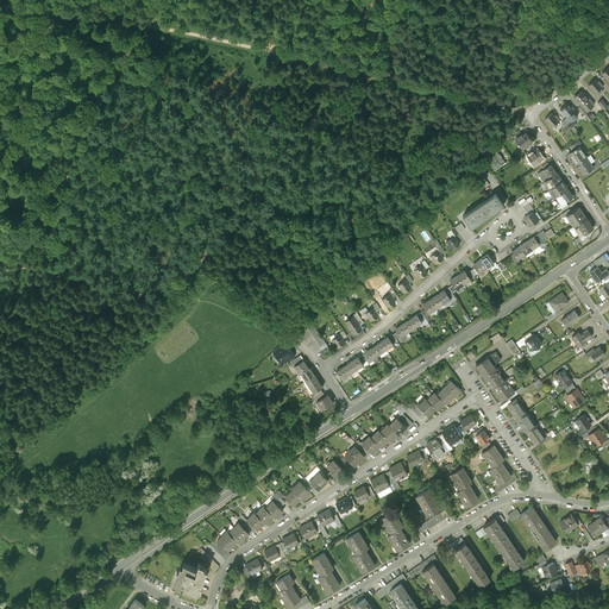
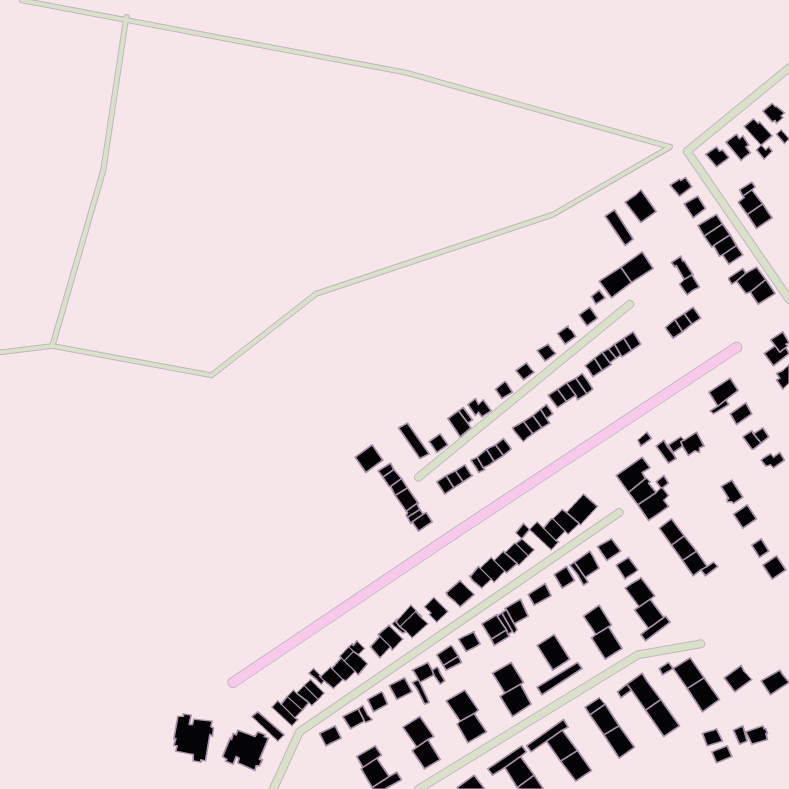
building: none -> [174,714,213,762]

